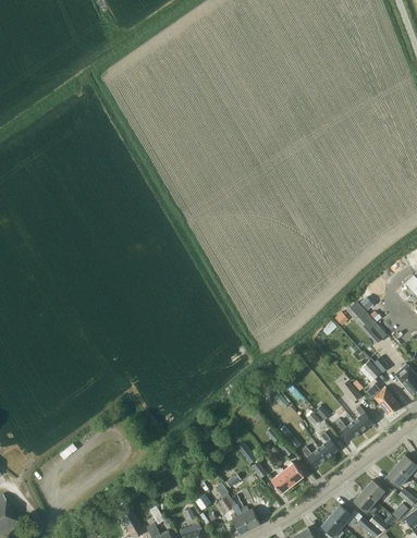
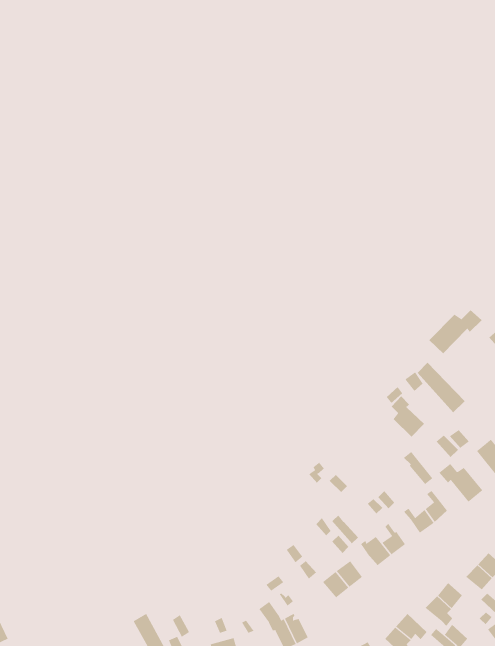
building: none -> [429,309,483,354]
building: none -> [391,396,425,437]

